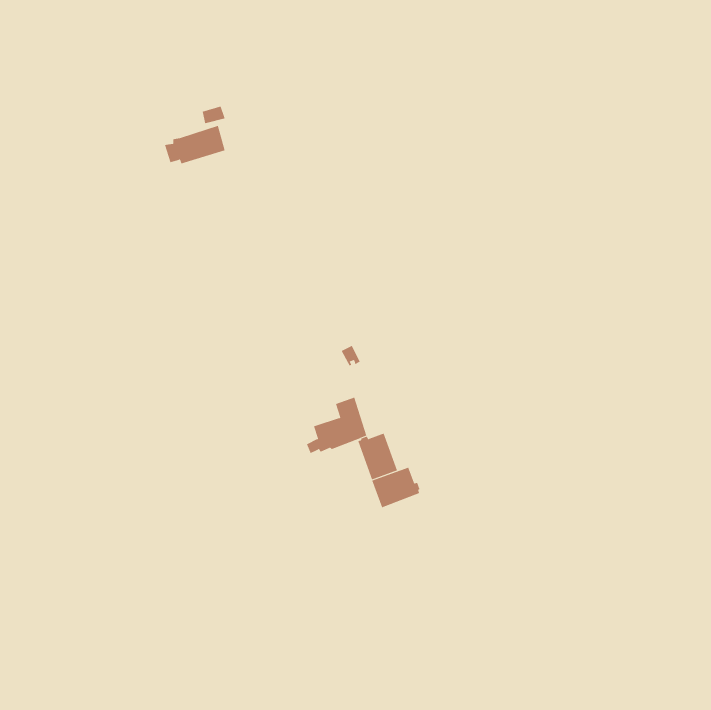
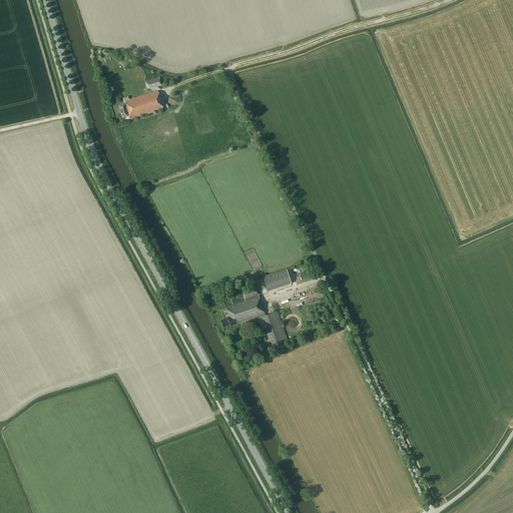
building: none -> [263,268,292,291]
building: [371,467,420,508] -> none

